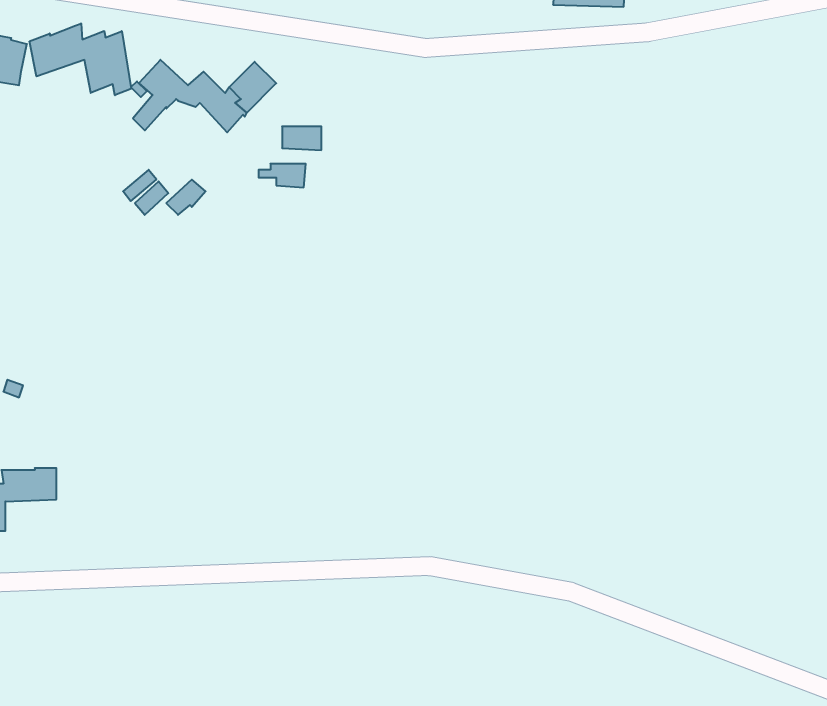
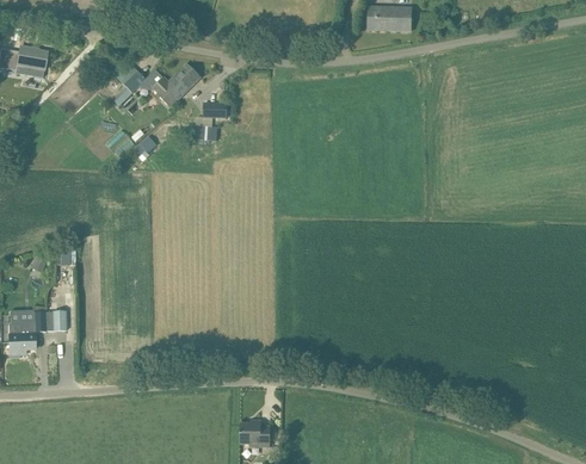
building: [30,23,131,95] -> none
building: none -> [240,420,270,446]

